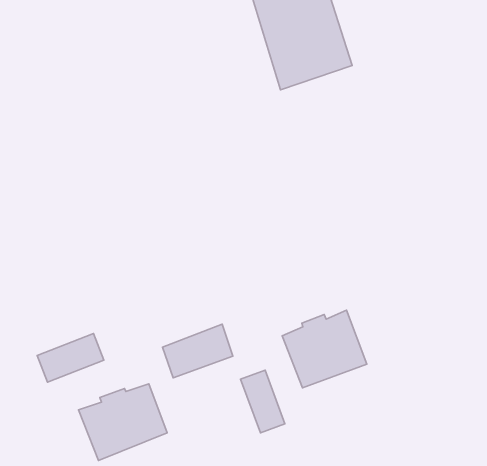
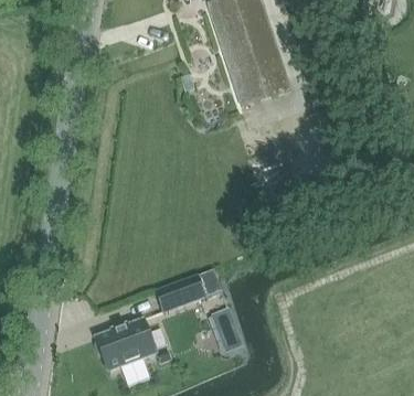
building: [282,310,367,388] -> none
building: [37,333,104,382] -> none

